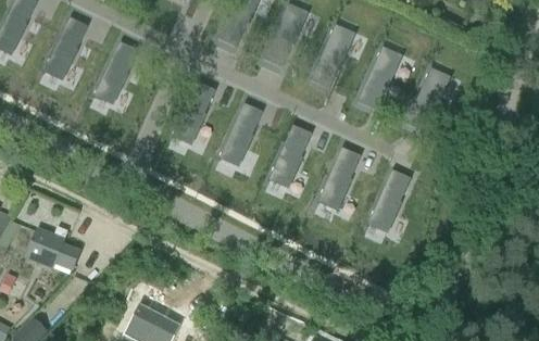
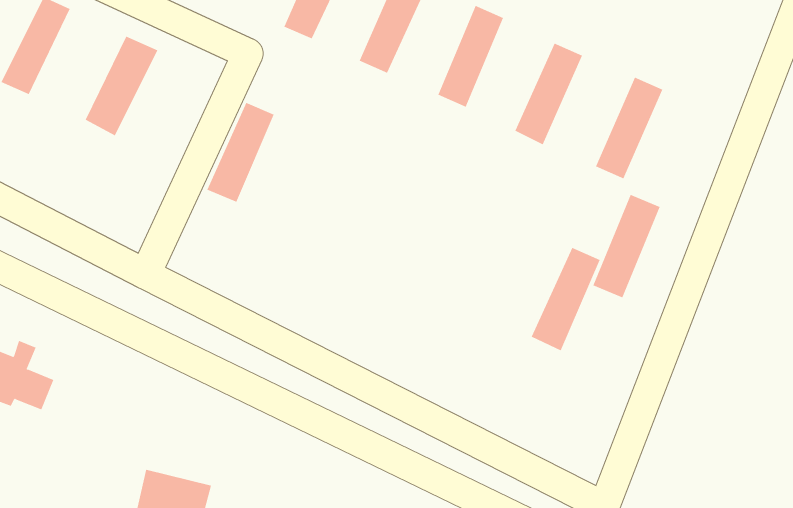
building: [220,103,262,165] -> none
building: [270,126,311,188] -> none
building: [318,148,360,211] -> [592,194,661,298]

